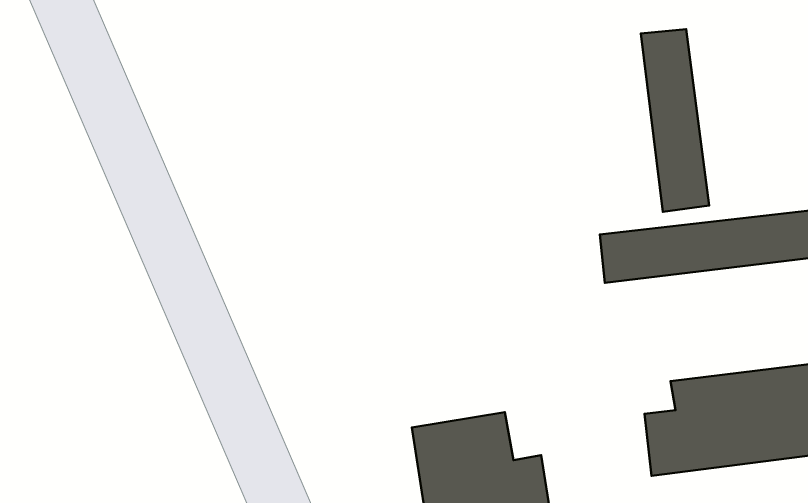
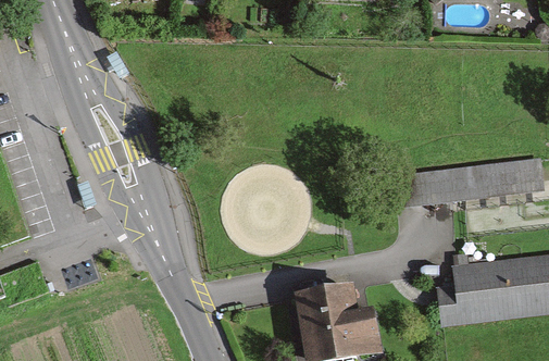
building: [641,29,709,212] -> none

